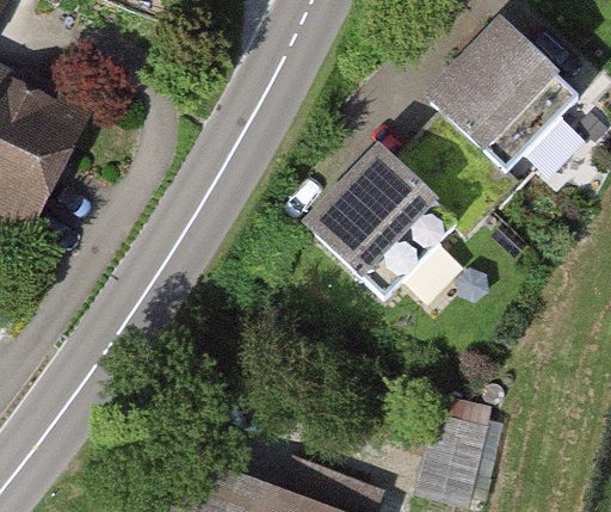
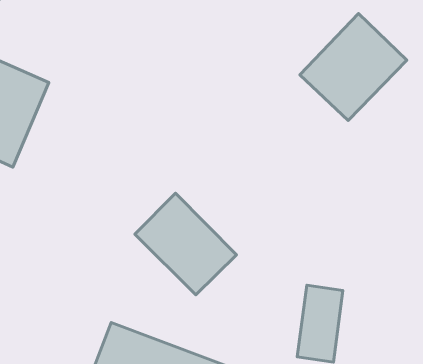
building: [303,141,456,294] -> none
building: none -> [135,193,237,295]

